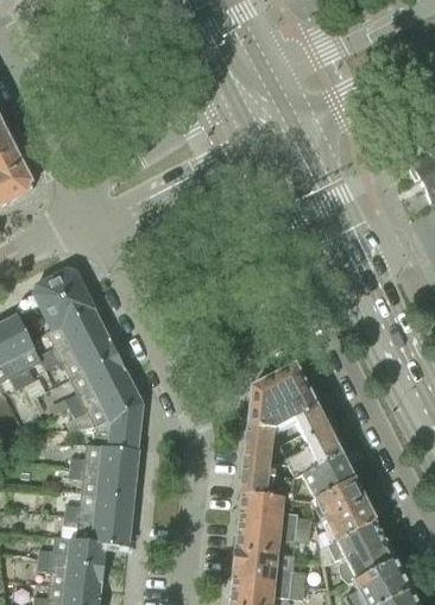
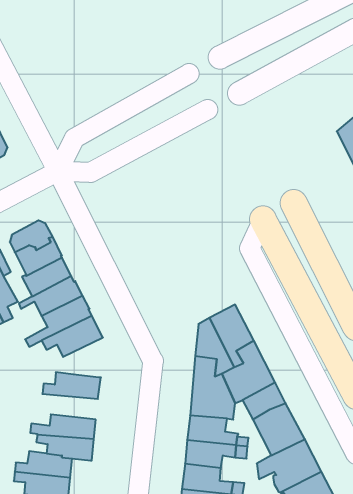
building: [95,402,141,448] -> none
building: [70,467,135,497] -> none

